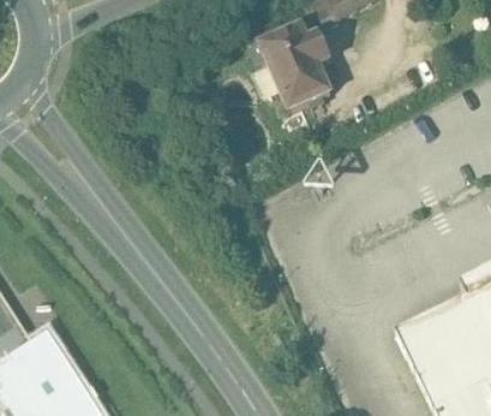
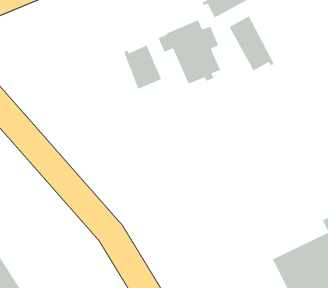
building: none -> [229,15,275,72]
building: none -> [123,45,162,90]

